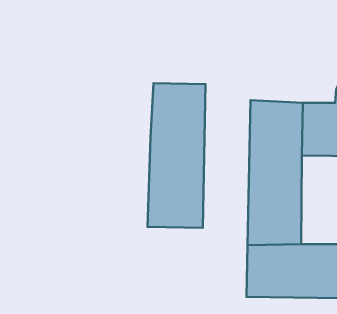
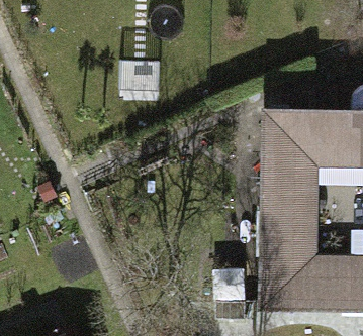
building: [148,83,206,228] -> none

